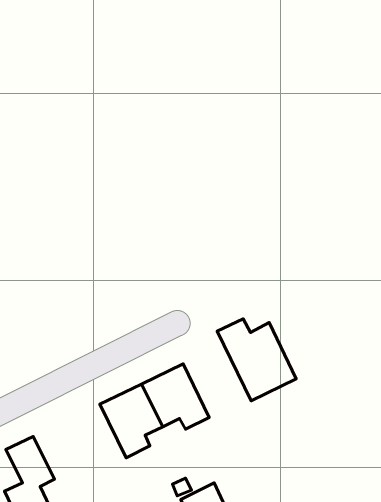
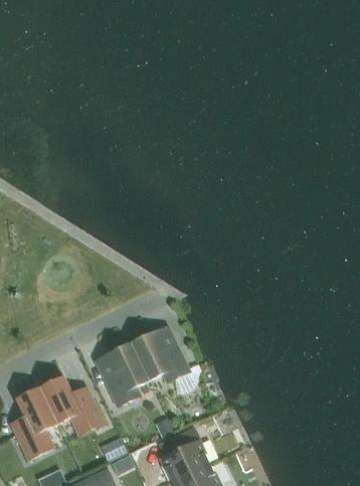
building: [217,319,296,401] -> none
building: none -> [39,376,104,435]

